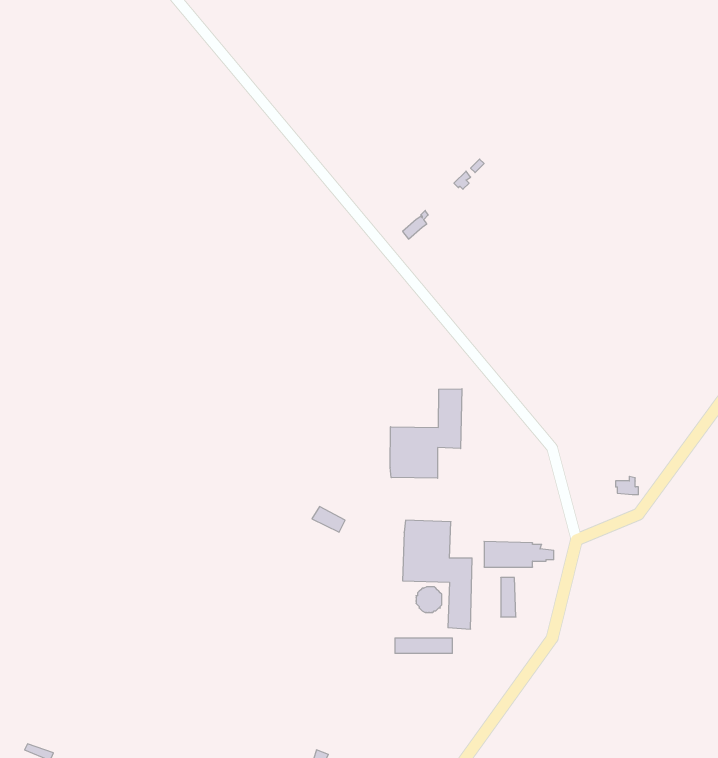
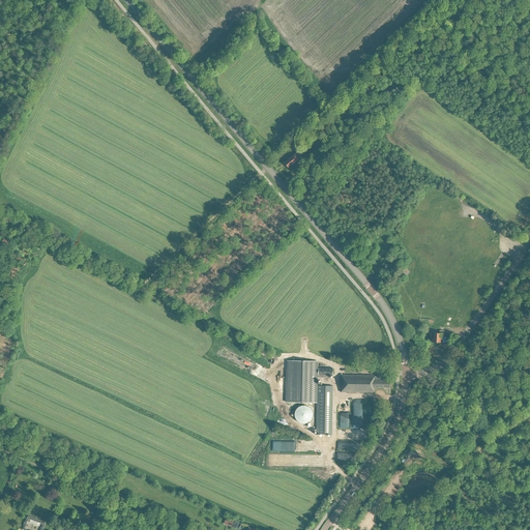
building: [390,389,462,478] -> none

